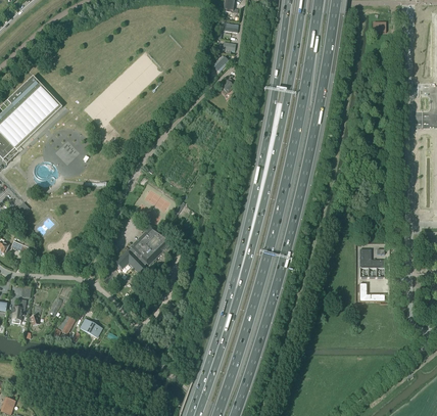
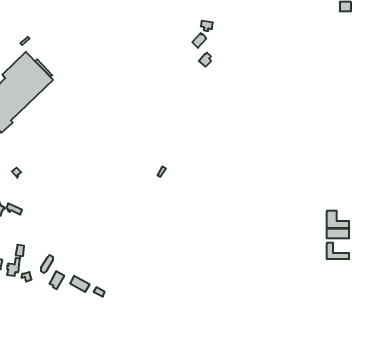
building: [115,227,173,274] -> none

